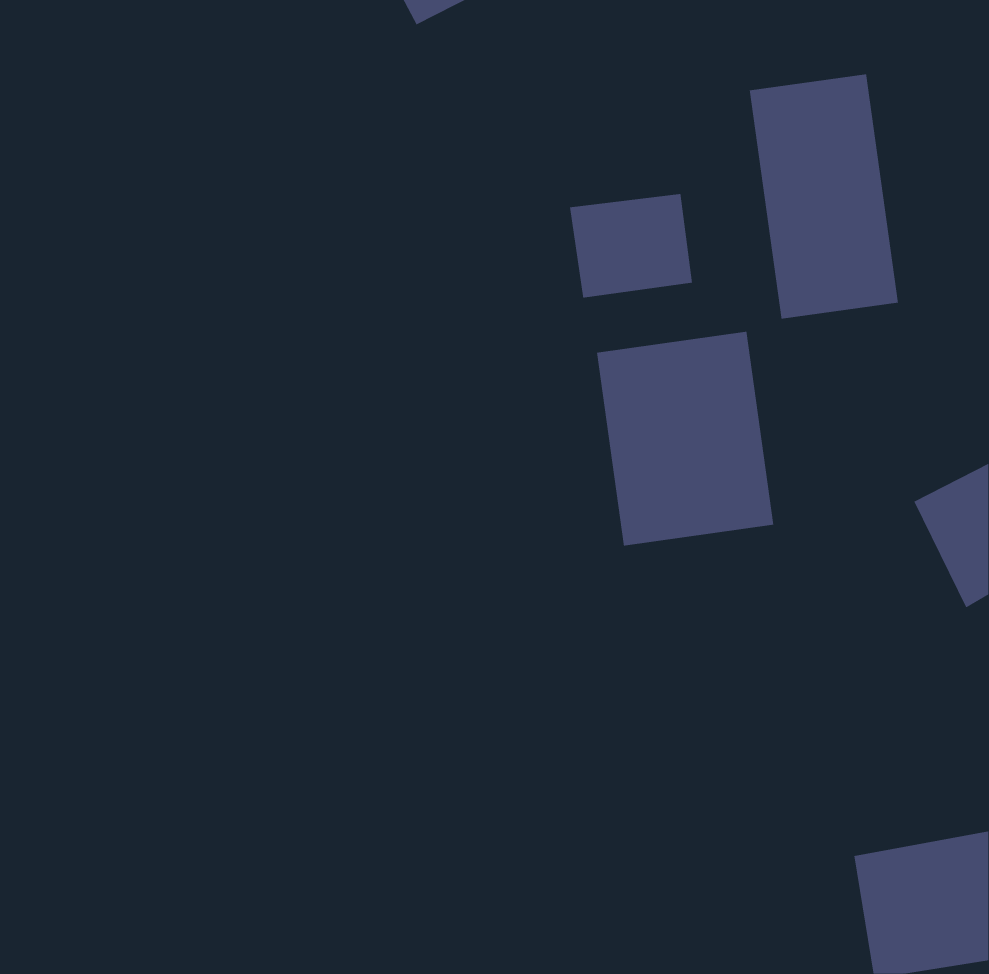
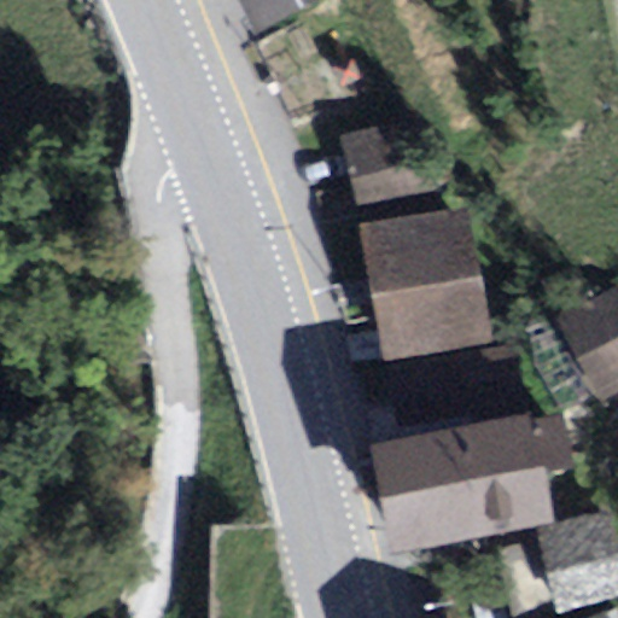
building: [749,74,899,320] -> none
building: none -> [384,420,540,544]

